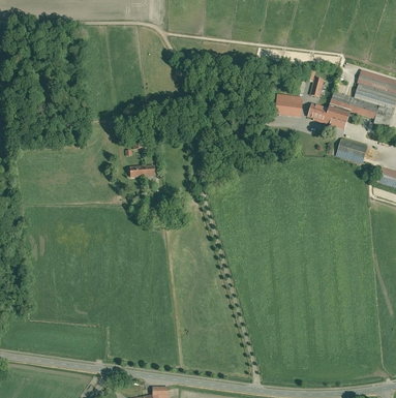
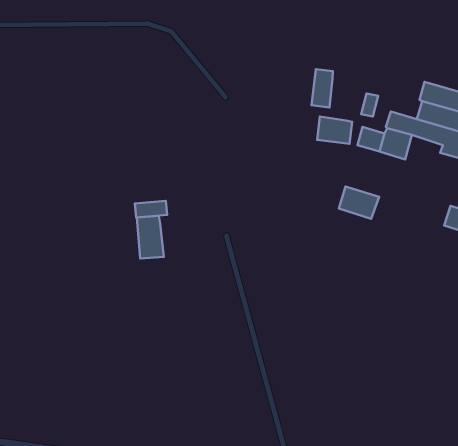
building: none -> [311,69,333,108]
building: [337,136,369,162] -> [339,187,379,219]
building: none -> [137,216,164,259]

